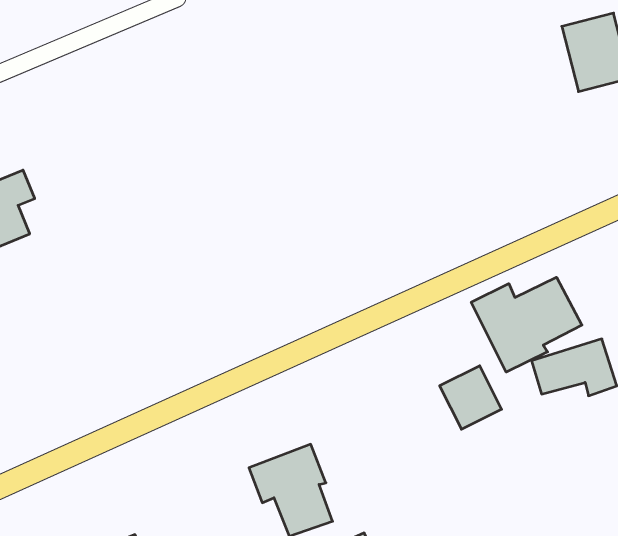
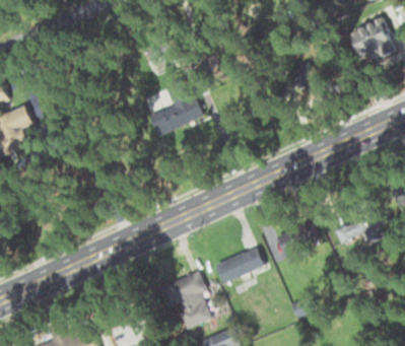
building: none -> [143,81,199,132]
building: [471,277,582,372] -> none
building: none -> [214,248,263,283]

